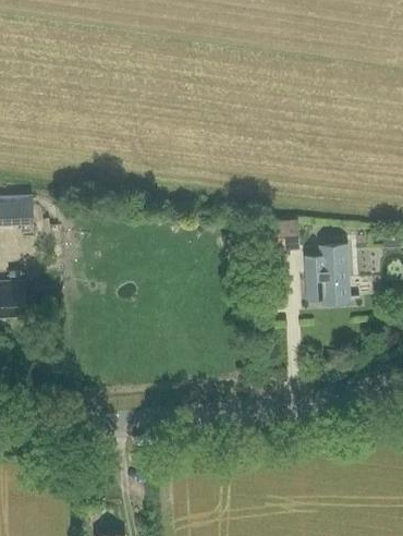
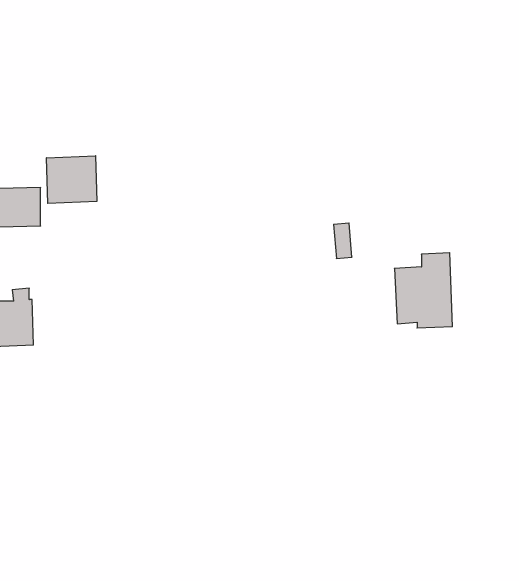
building: none -> [47,156,97,203]

